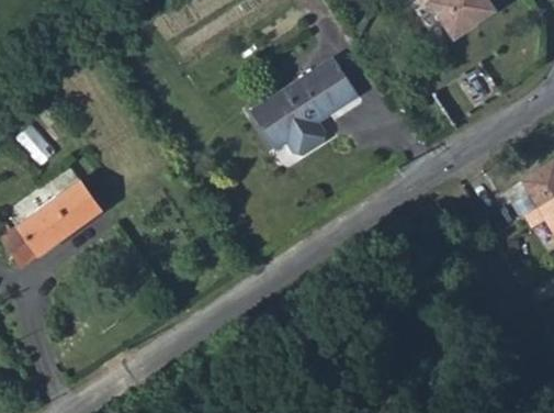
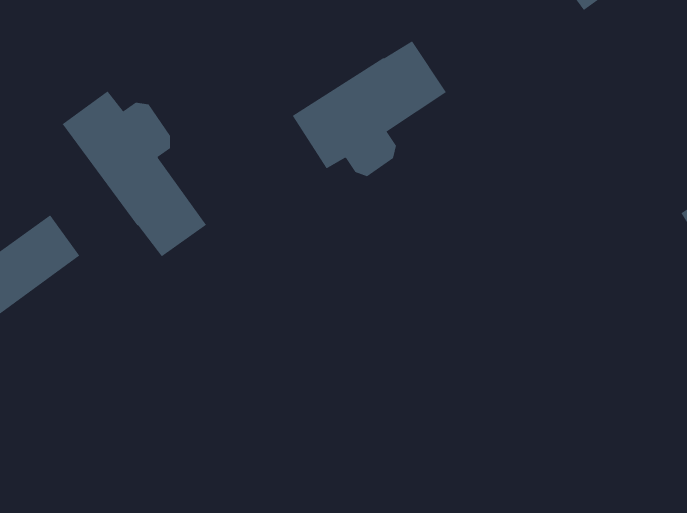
building: none -> [62,91,207,257]

